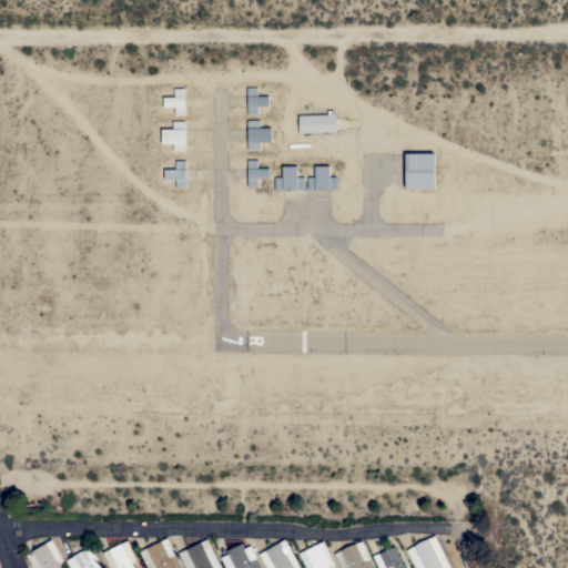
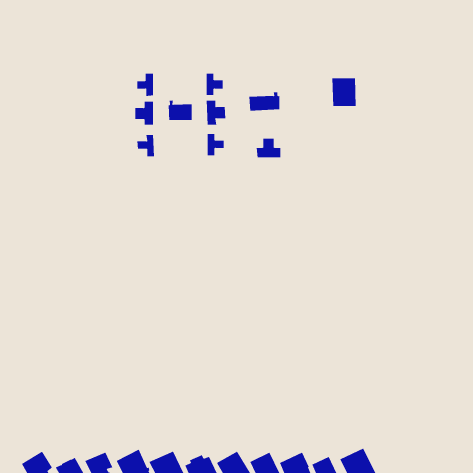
building: none -> [168,100,192,121]
building: [405,154,435,189] -> [332,78,357,107]
building: [275,166,304,191] -> none

